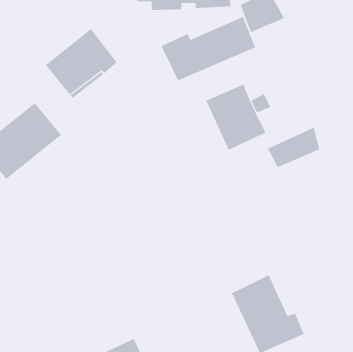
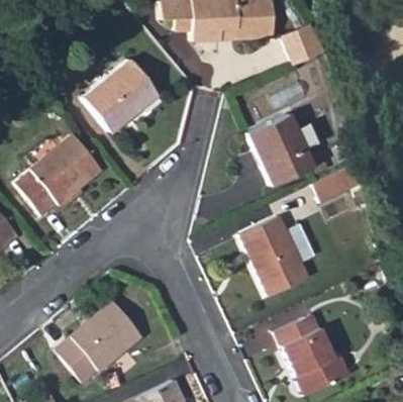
building: [161,16,256,81] -> none
building: none -> [240,216,313,296]
building: none -> [56,302,141,383]

